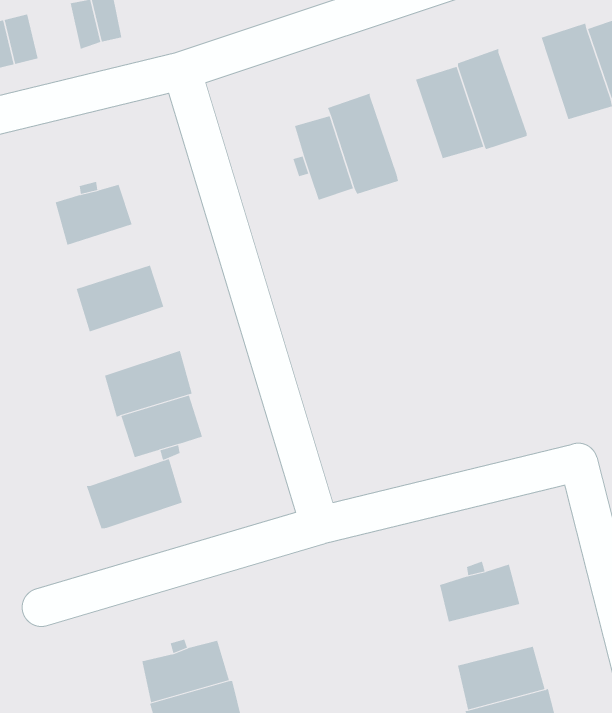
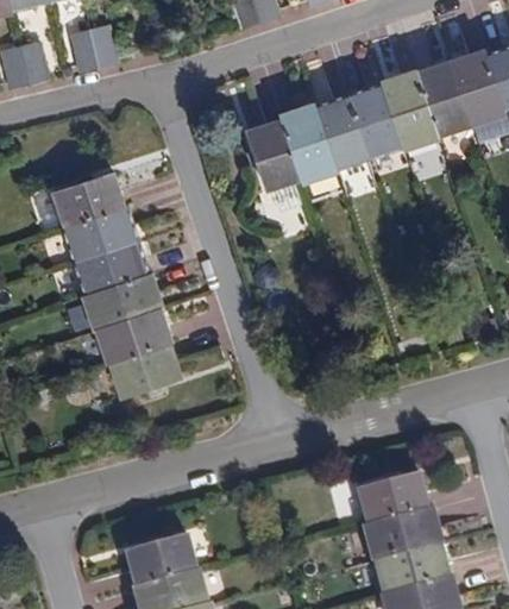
building: none -> [413,61,467,137]
building: none -> [310,94,367,170]
building: none -> [64,208,136,260]
building: [86,458,183,529] -> [83,274,161,329]
building: none -> [367,509,442,561]

